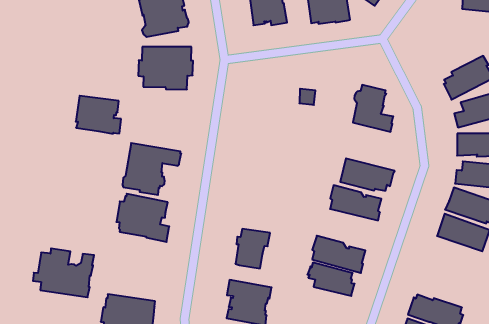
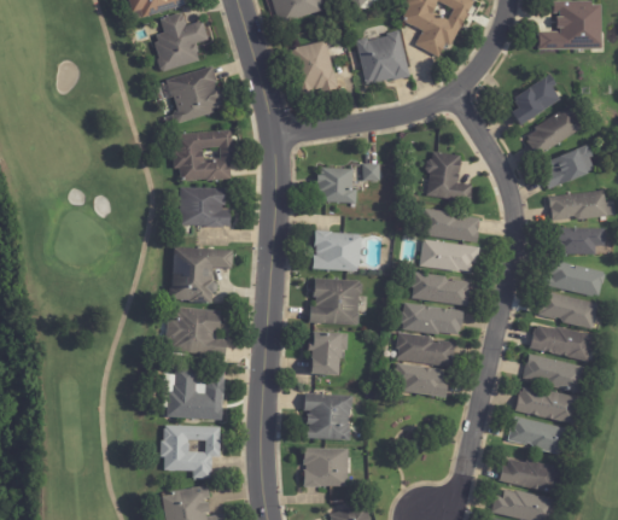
building: none -> [512,74,558,124]
building: none -> [316,166,356,203]
building: [76,96,121,134] -> [179,186,231,226]
building: none -> [420,208,480,243]
building: none -> [311,229,360,270]
building: none -> [308,276,361,325]
building: none -> [398,302,462,334]
building: none -> [529,325,595,361]
building: [33,248,94,297] -> [157,367,225,419]
building: none -> [520,352,583,392]

